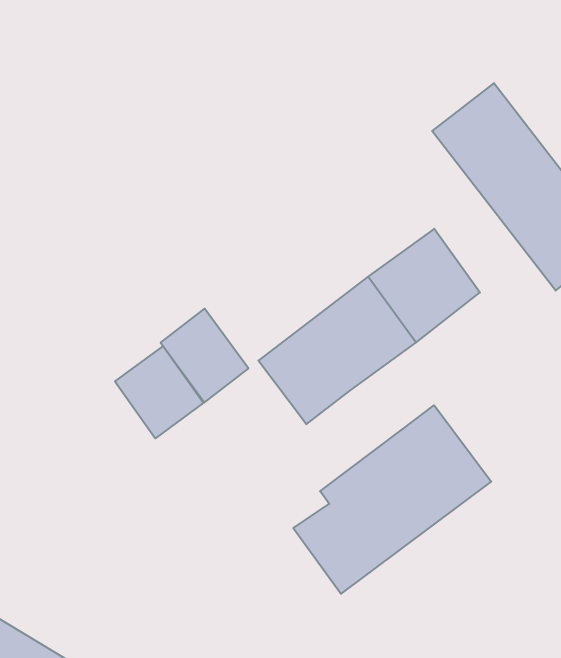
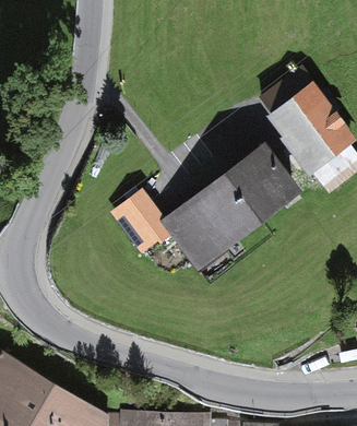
building: [115,346,204,438] -> none
building: [293,405,491,594] -> none

